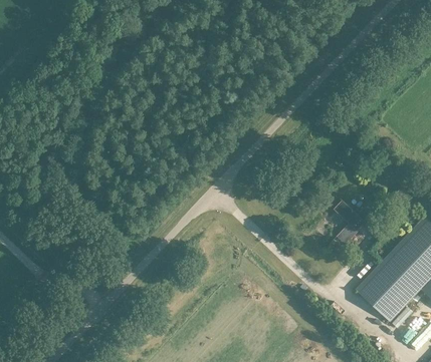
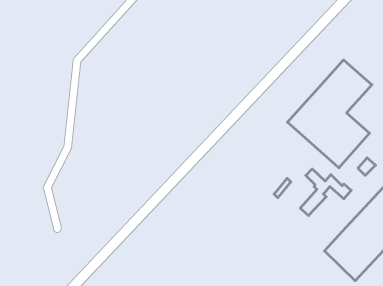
building: none -> [287,60,372,168]

